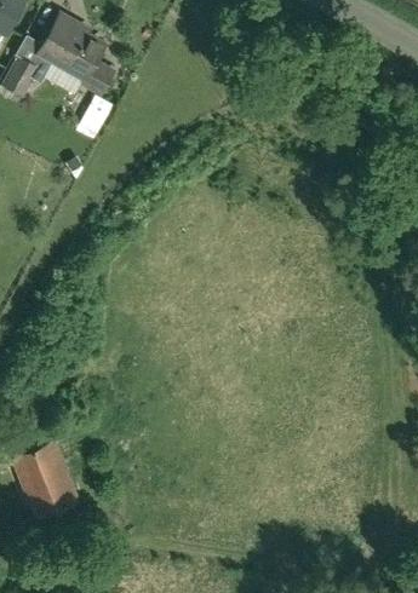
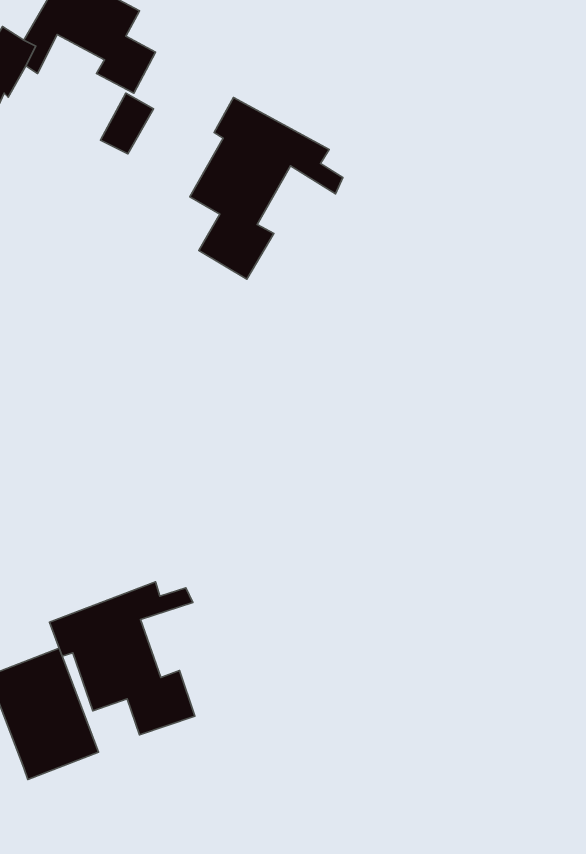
building: none -> [190,98,343,279]
building: none -> [49,582,195,735]

